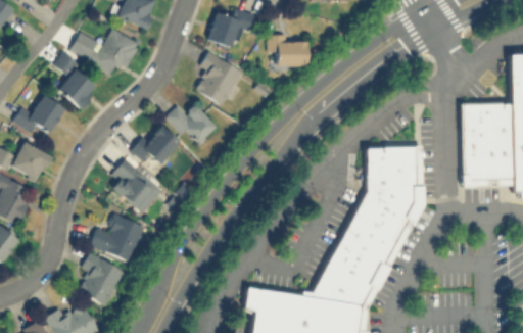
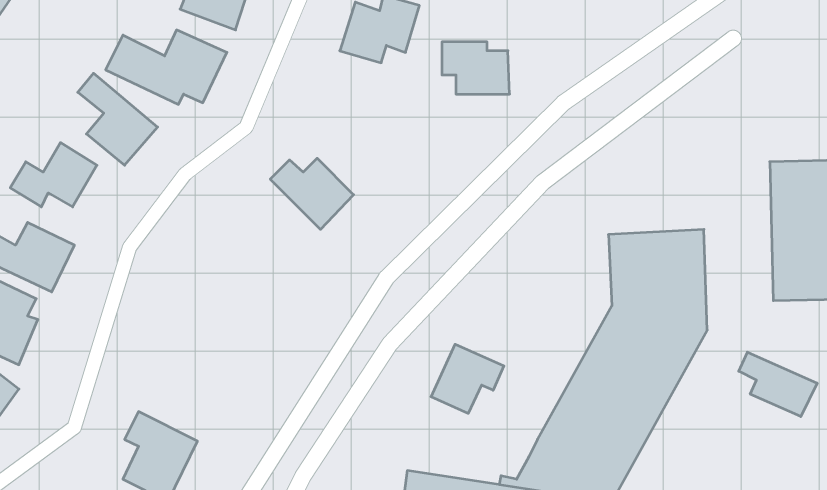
building: [197,50,243,104] -> none
building: [134,123,179,162] -> none
building: [111,157,164,213] -> none
building: none -> [431,344,504,413]
building: [90,213,143,260] -> none
building: none -> [739,352,817,417]

